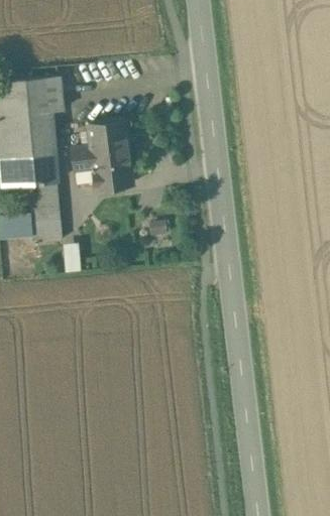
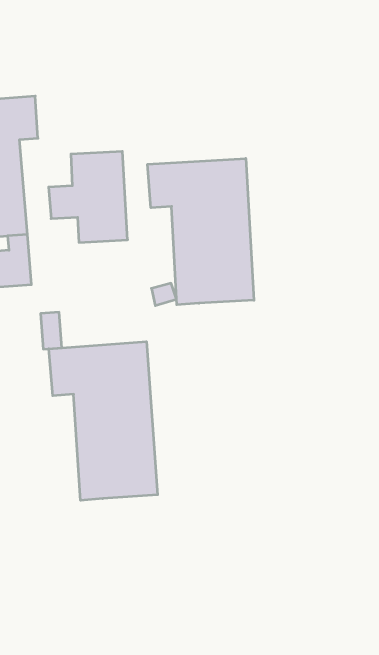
building: none -> [148,158,254,305]
building: none -> [49,342,158,500]

